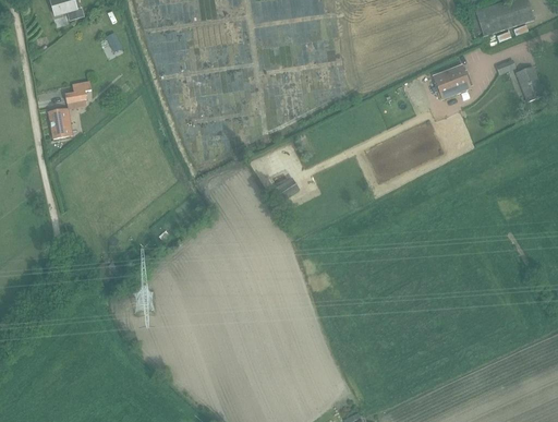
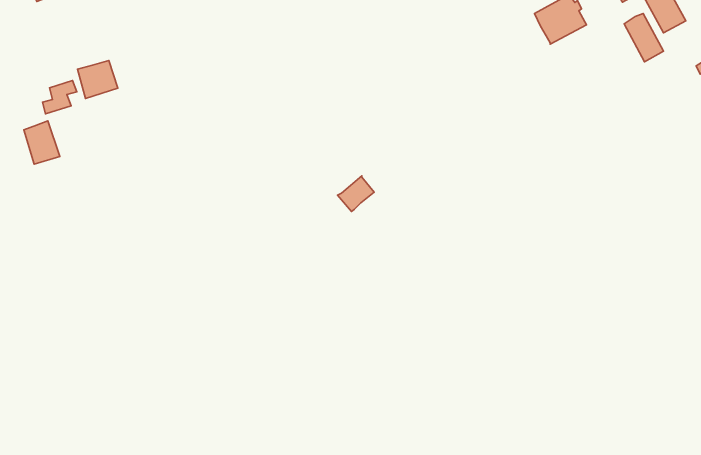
building: none -> [78,60,118,99]
building: none -> [624,13,663,62]

